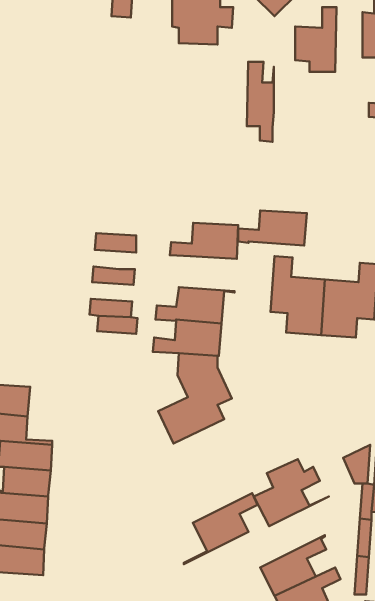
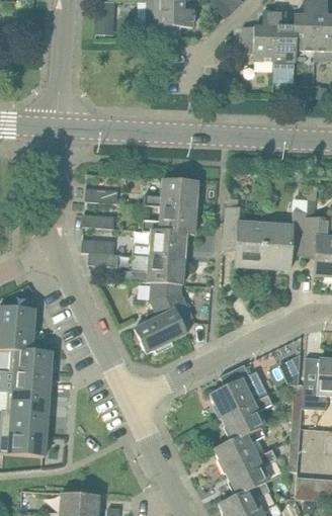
building: [247,62,274,142] -> [273,10,295,73]
building: [238,211,307,245] -> [143,205,196,233]
building: [184,493,257,564] -> [215,394,272,449]

